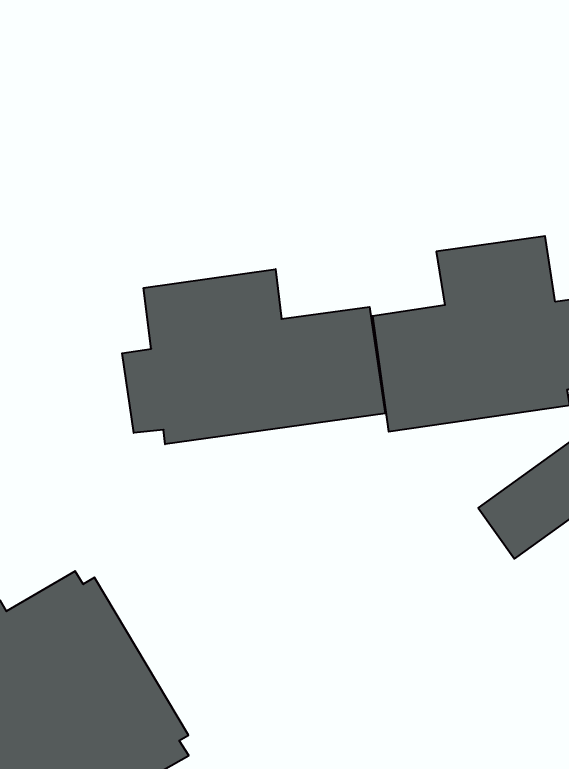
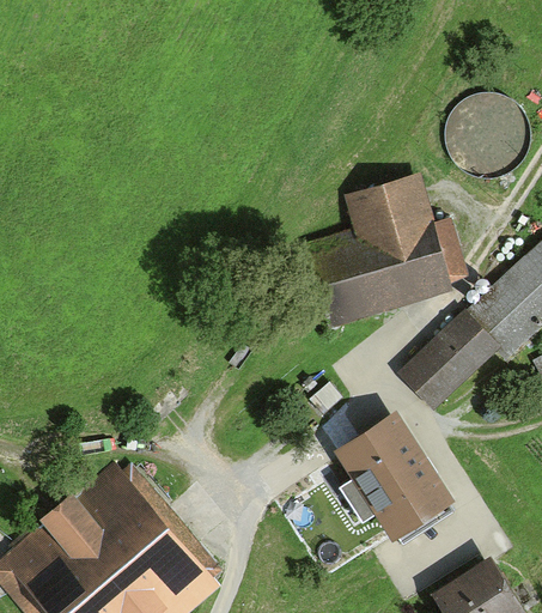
building: [122,269,385,444] -> none
building: none -> [334,407,452,534]

